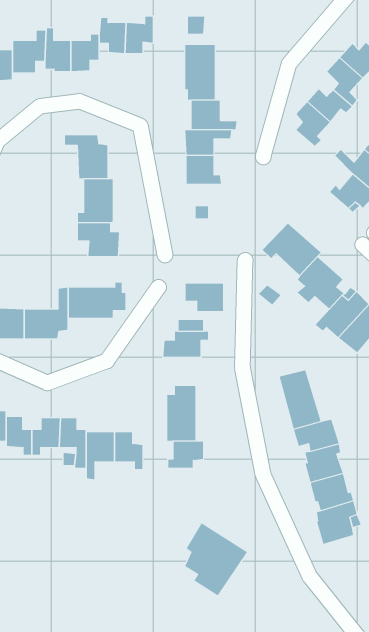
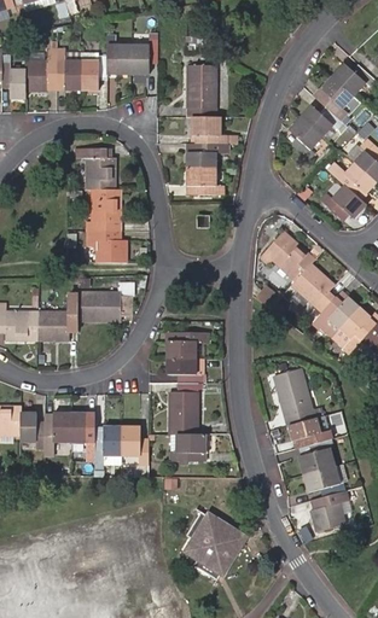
building: [185,283,224,311] -> [165,356,202,383]

